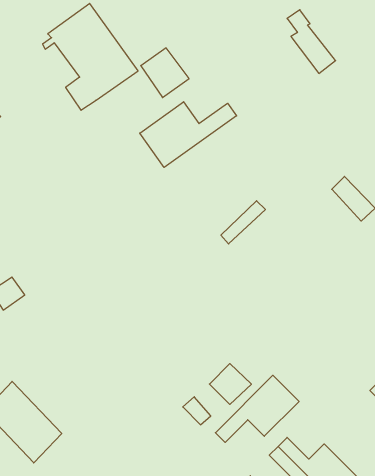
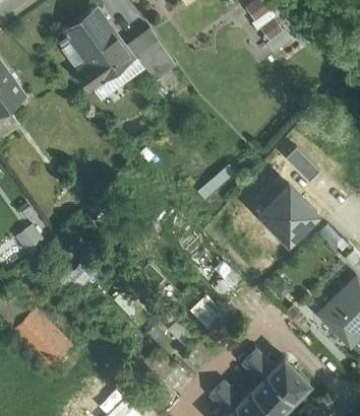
building: [140,102,237,167] -> none
building: none -> [254,183,318,247]
building: [215,375,299,442] -> none

